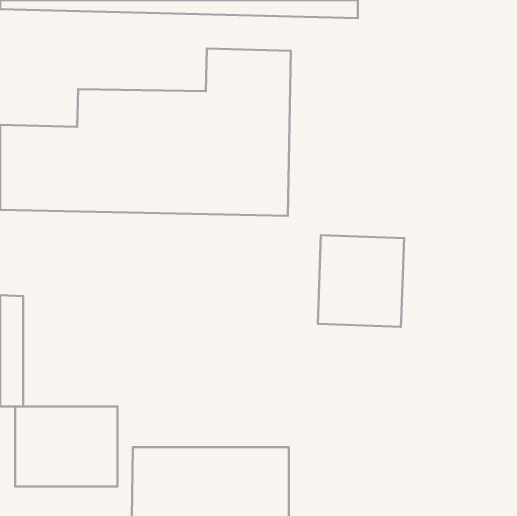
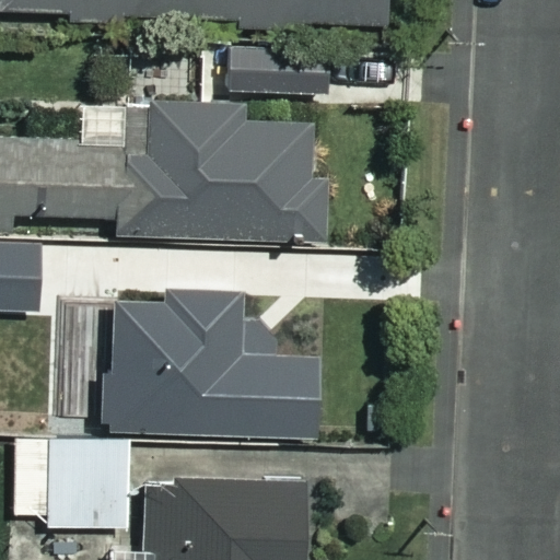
building: [318,235,404,327] -> none
building: none -> [106,289,323,438]

